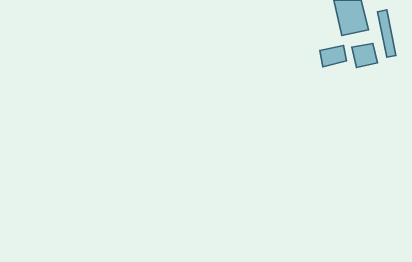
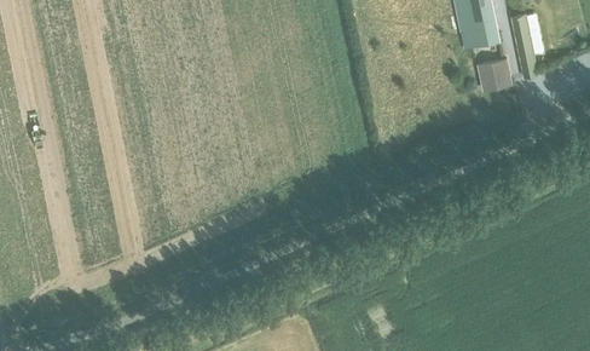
building: [320,46,346,67] -> none

